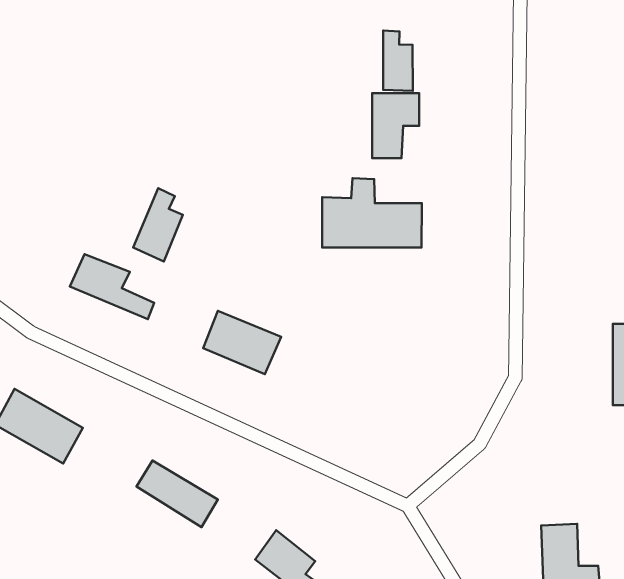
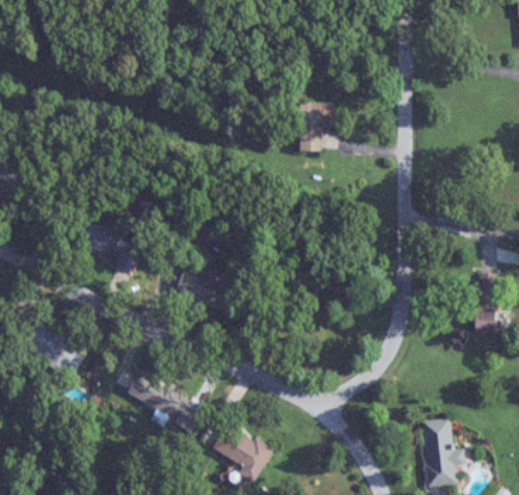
building: [383,31,413,91] -> none
building: [322,178,422,247] -> none
building: [133,188,183,261] -> none

